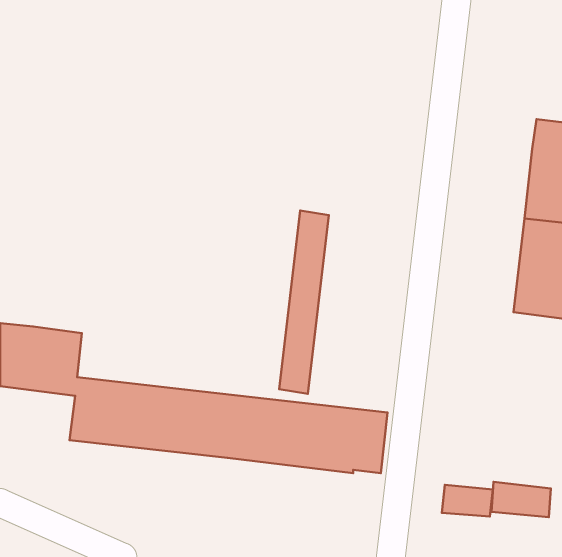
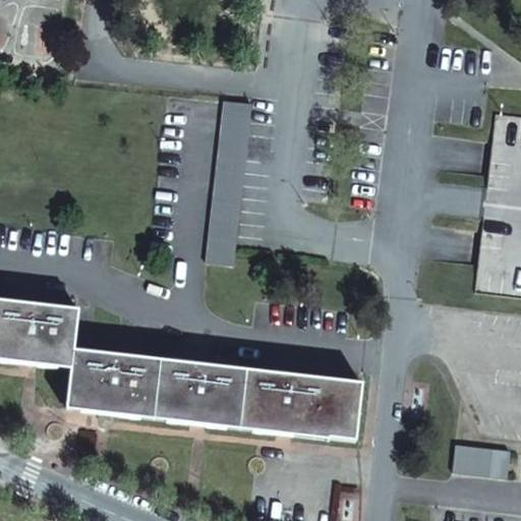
building: [279,211,329,394] -> [206,96,251,265]
building: [442,485,493,516] -> none

